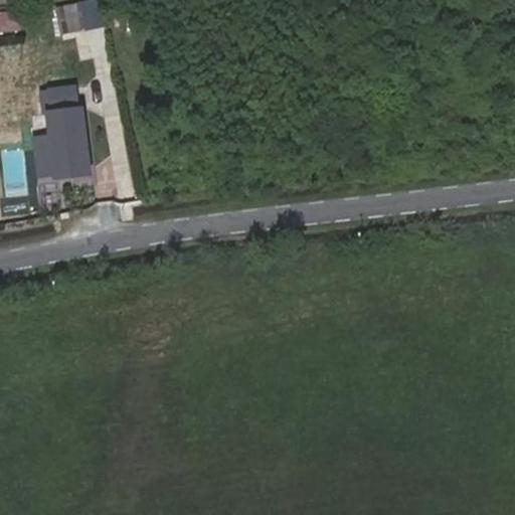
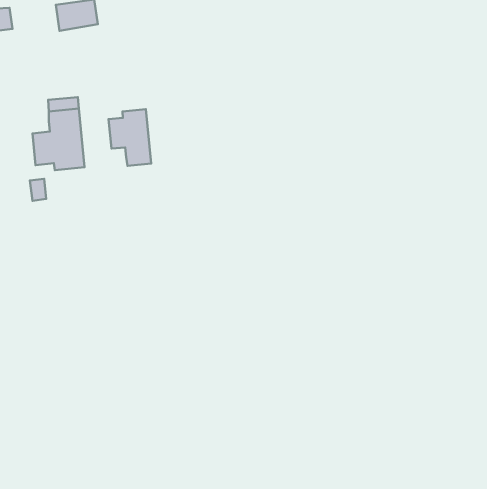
building: none -> [108,109,151,166]

